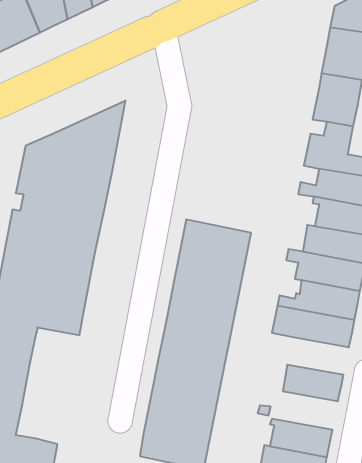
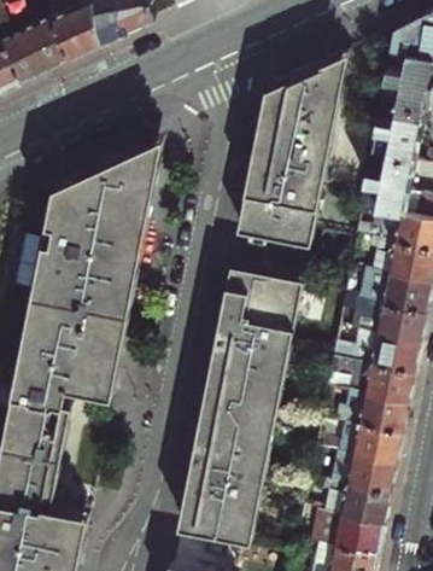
building: none -> [236,52,349,246]
building: none -> [317,397,408,438]
building: none -> [323,456,396,499]

